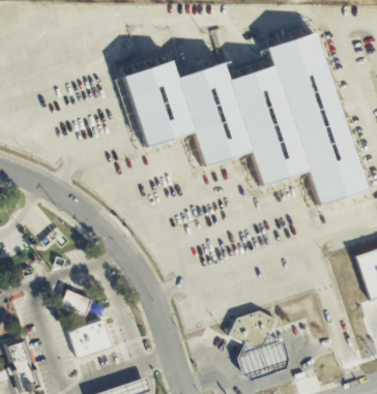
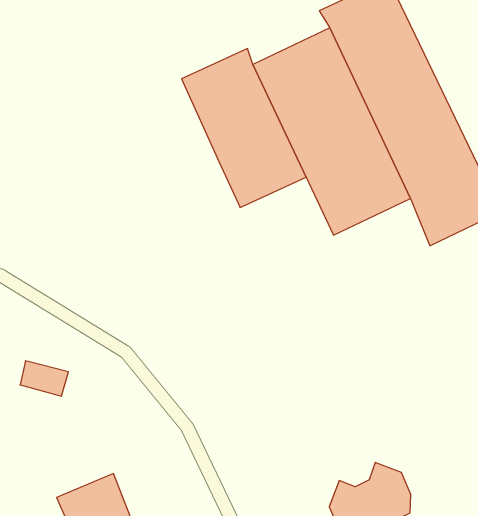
building: [119,58,196,151] -> none
building: [61,290,92,314] -> [20,361,68,396]
building: [229,310,277,347] -> none

